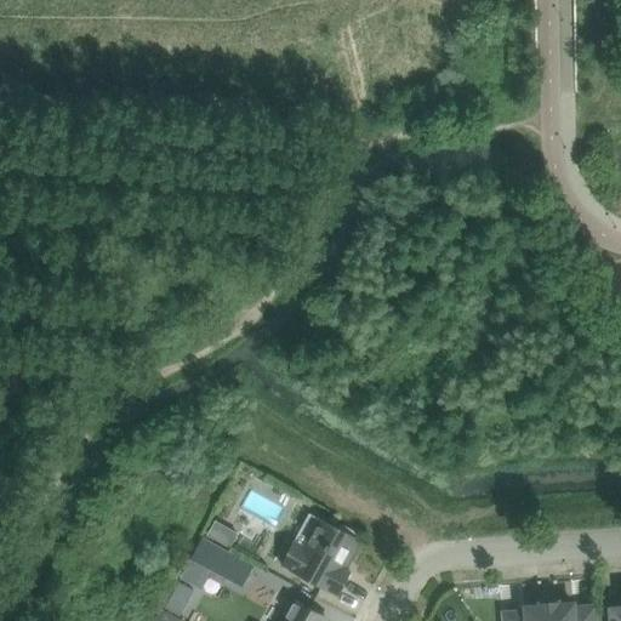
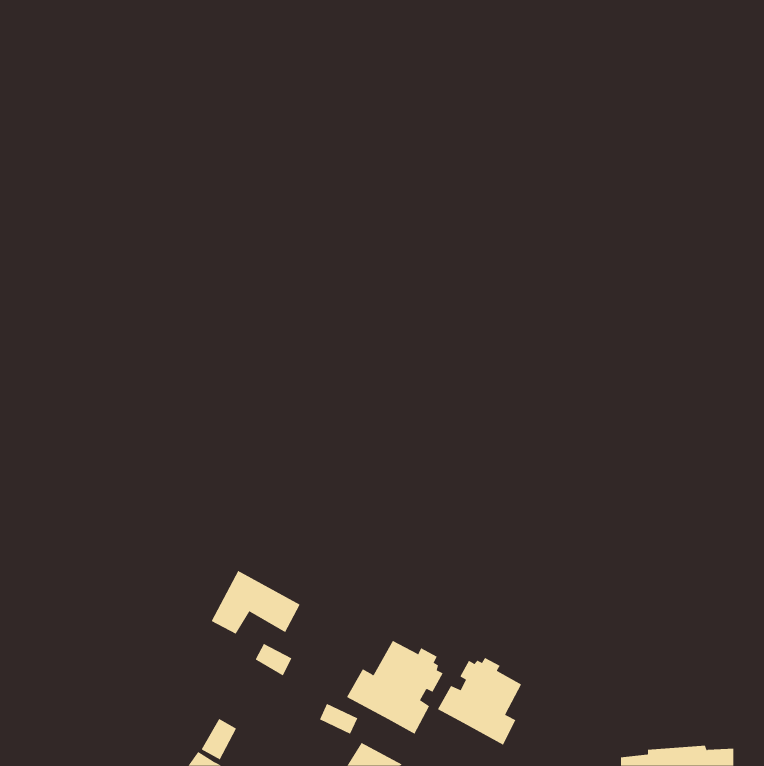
building: none -> [437,657,522,746]
building: [178,535,251,587] -> [211,570,301,634]

